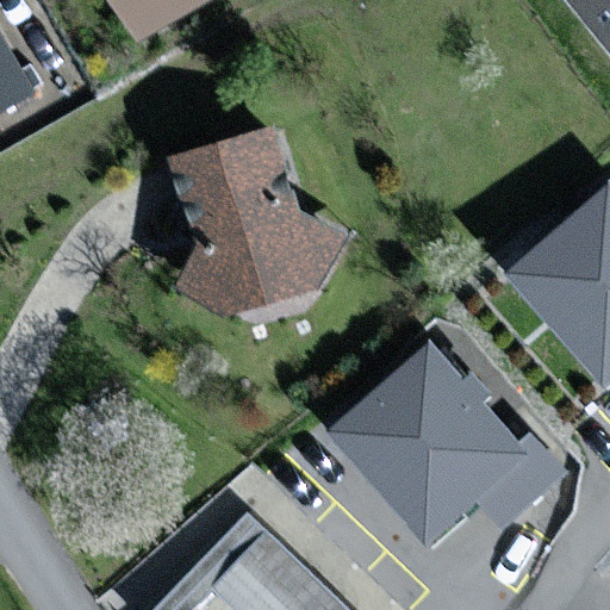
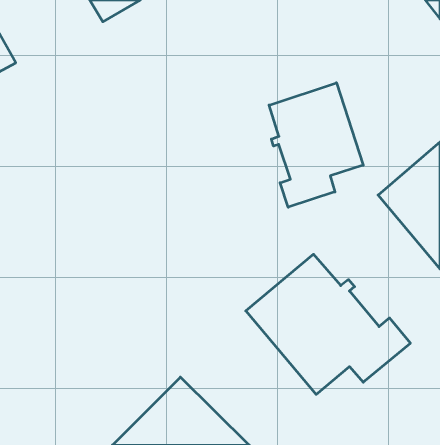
building: none -> [269,83,363,207]
building: [185,129,338,304] -> none

